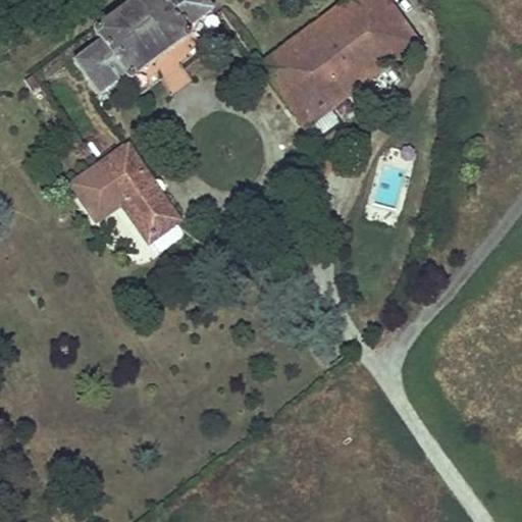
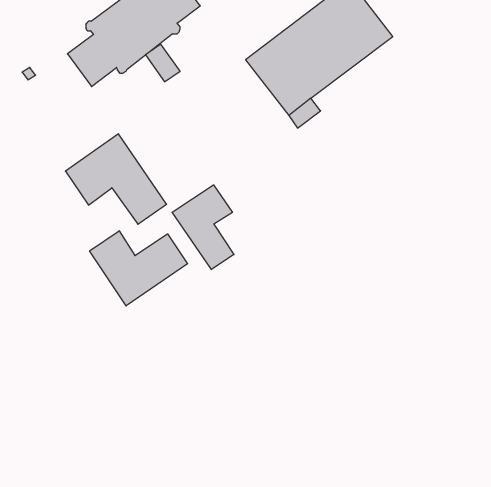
building: none -> [172,185,234,270]
building: none -> [90,231,188,306]

